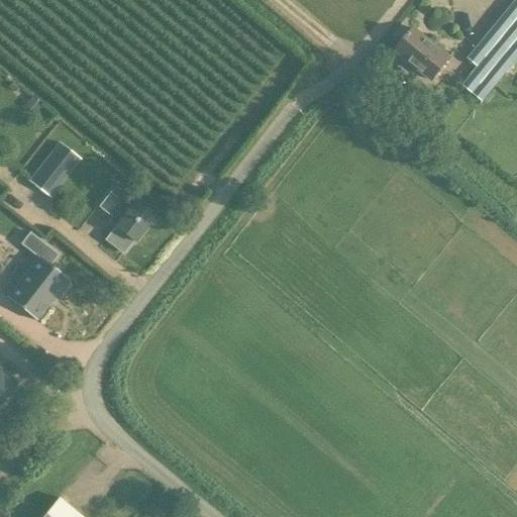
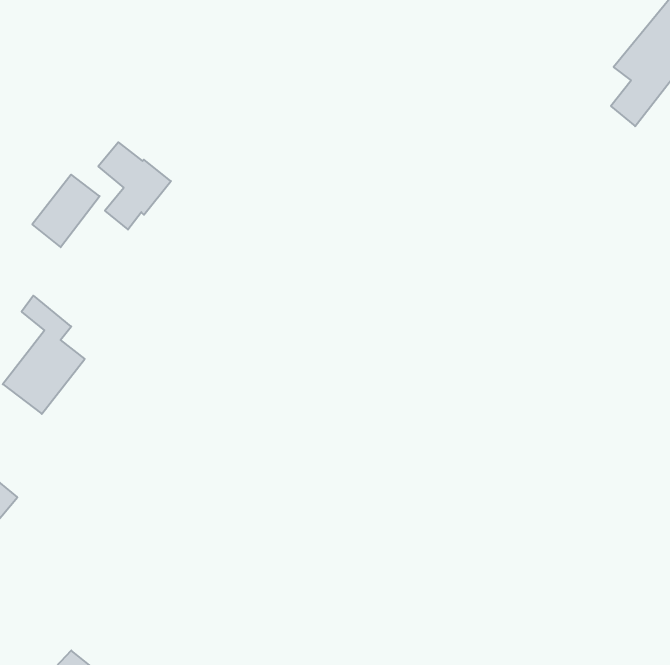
building: [395,28,449,80] -> none
building: [99,188,153,253] -> [98,142,171,230]

